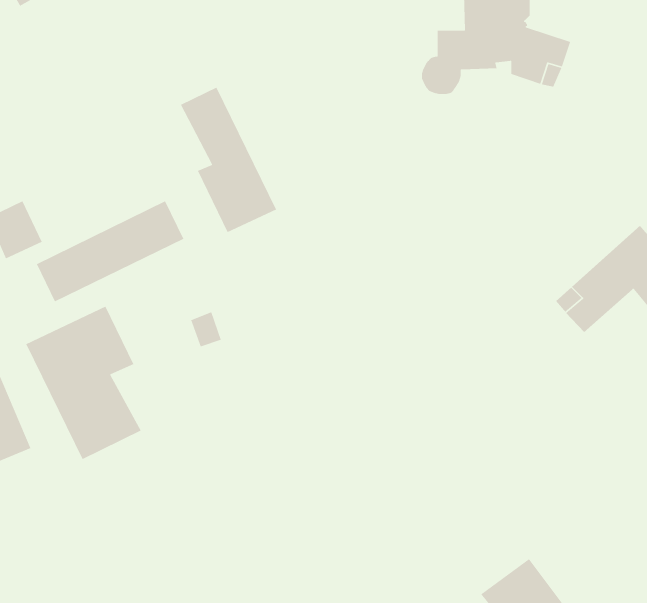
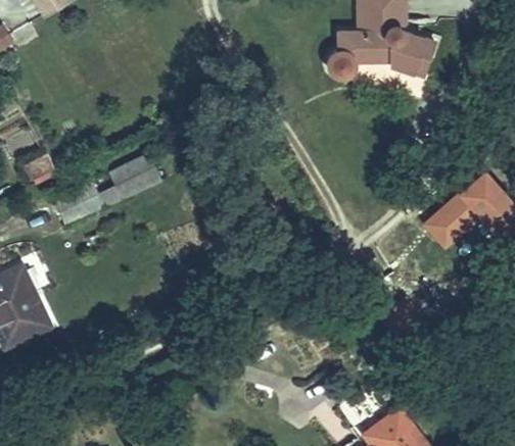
building: [180,86,277,233] -> none
building: [25,305,142,460] -> none

